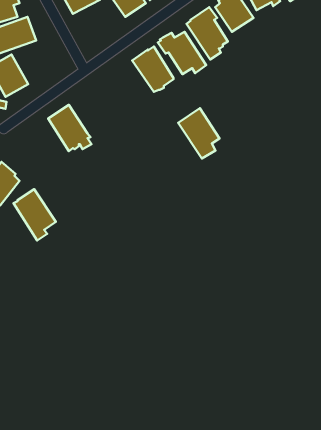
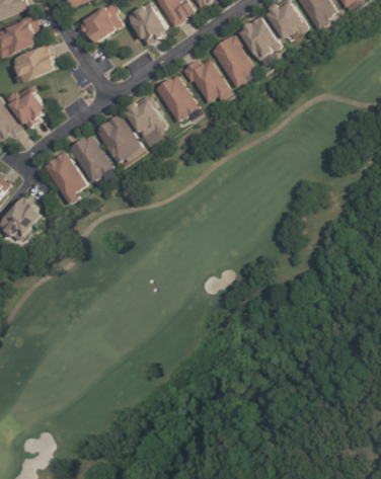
building: none -> [96,114,142,163]
building: [178,108,220,158] -> [126,95,168,147]
building: [13,189,56,241] -> [44,152,87,205]

